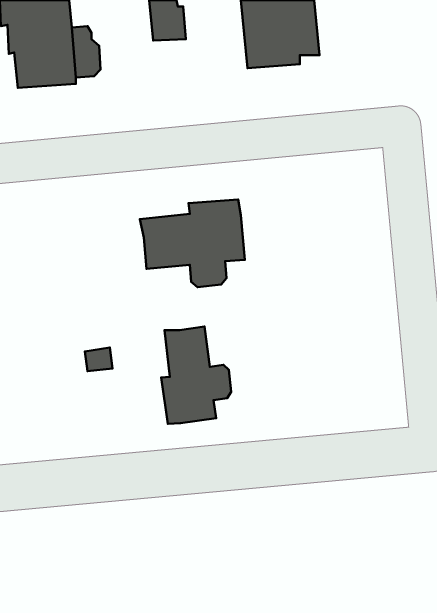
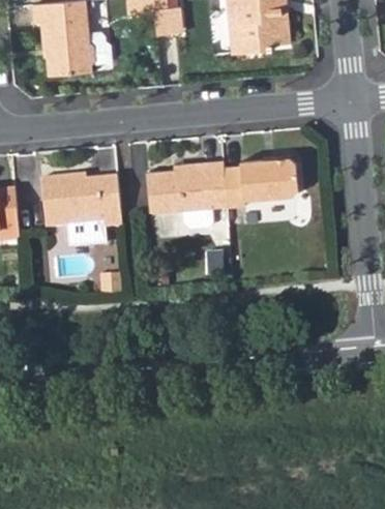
building: none -> [224,157,301,213]
building: none -> [42,174,121,223]
building: [161,327,231,424] -> none

